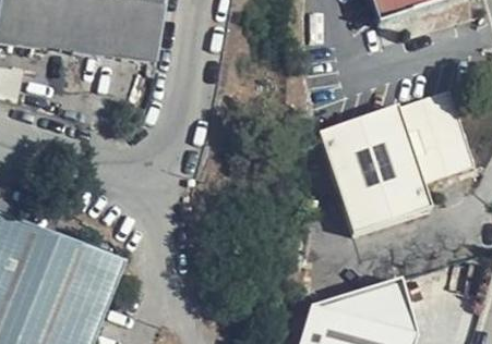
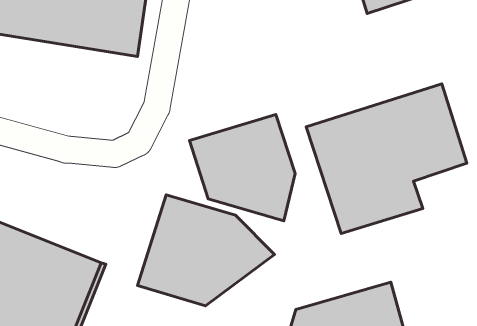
building: none -> [190,114,295,221]
building: none -> [137,195,274,306]

